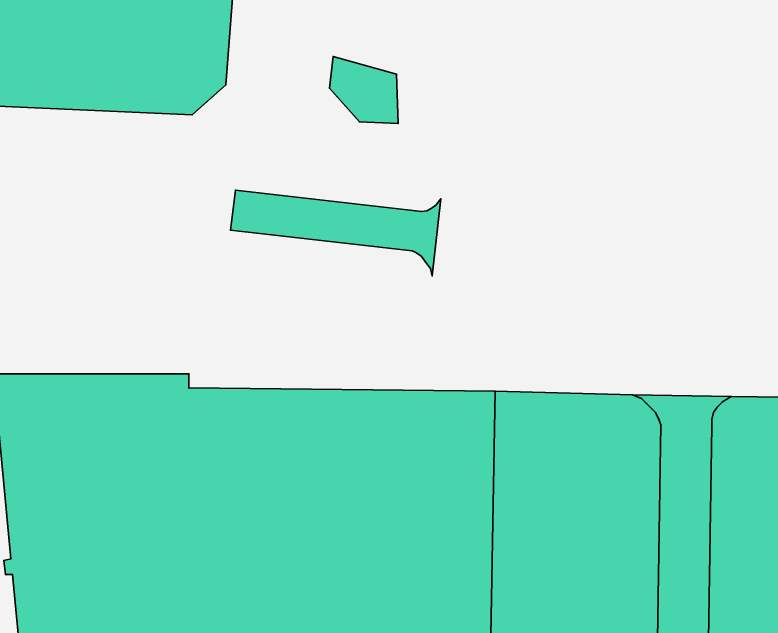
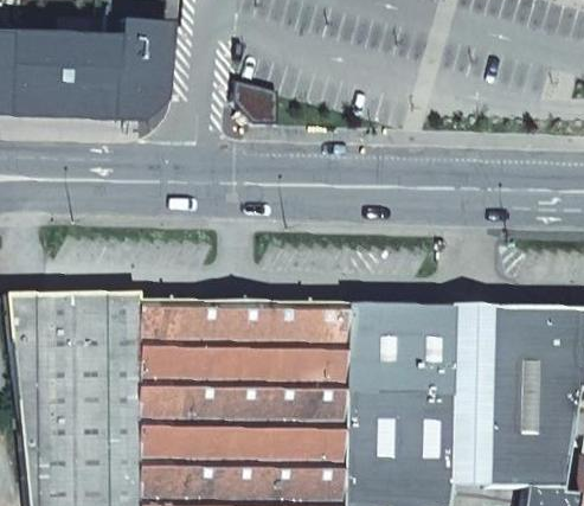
building: [230,190,441,276] -> none

